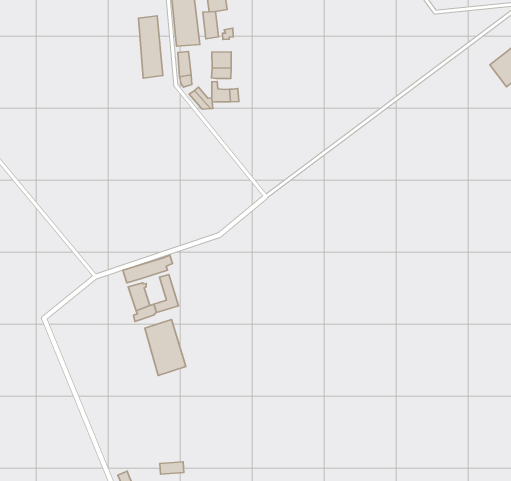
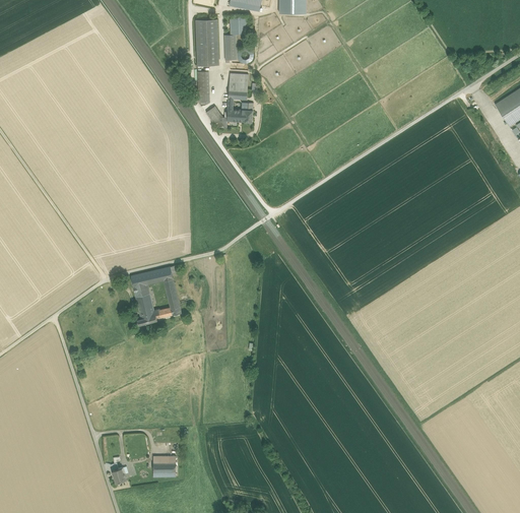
building: [139,16,163,78] -> none
building: [145,319,186,376] -> none

